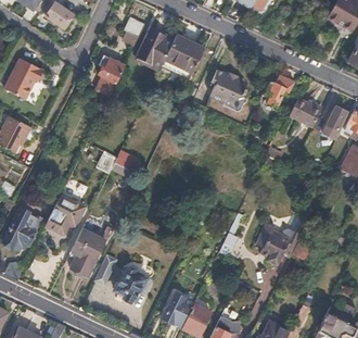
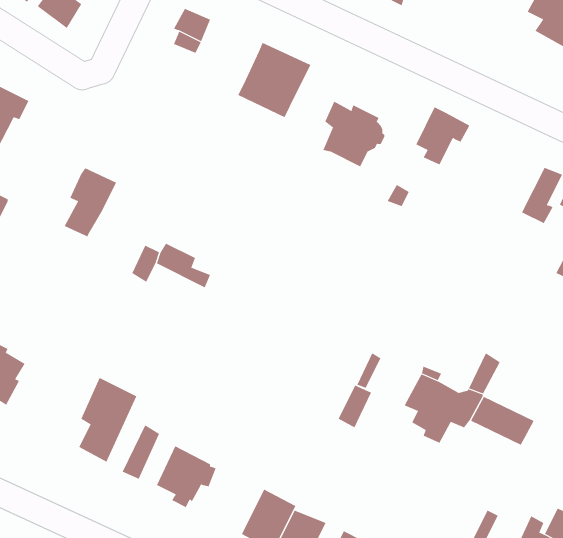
building: [136,30,172,74] -> none
building: [95,55,126,96] -> [64,167,117,237]
building: [291,98,323,127] -> none
building: [44,195,85,235] -> none

